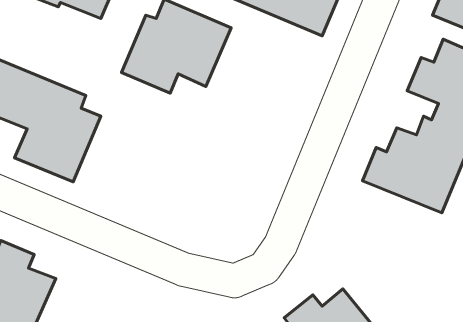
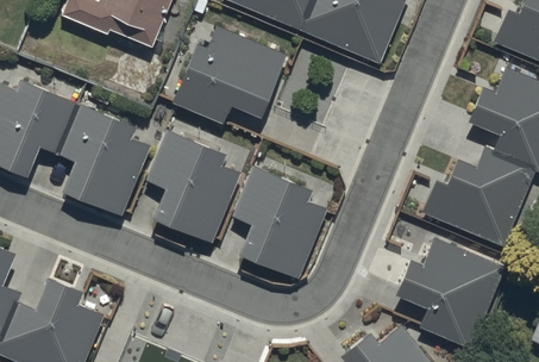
building: none -> [145,130,240,243]
building: none -> [233,167,327,279]
building: none -> [396,241,504,350]

